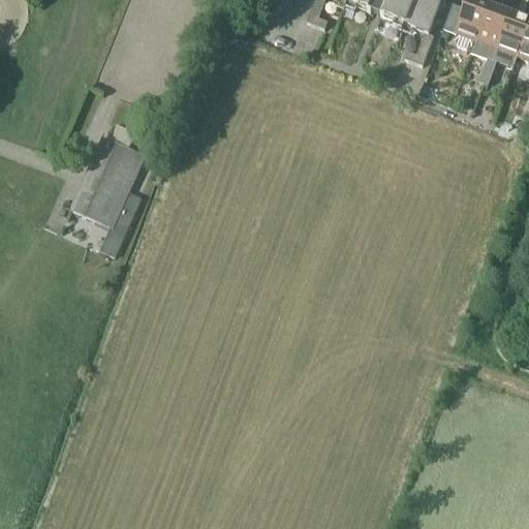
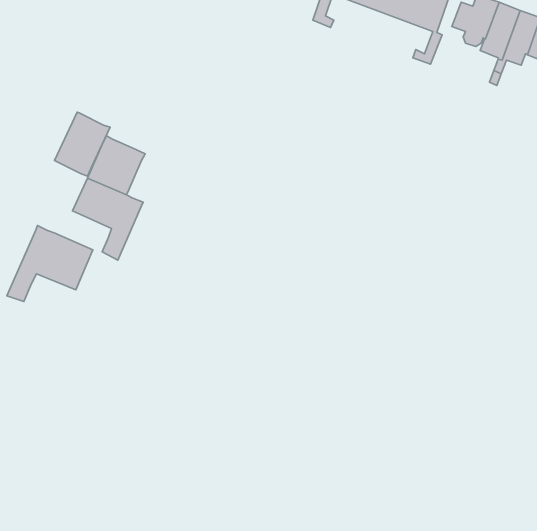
building: none -> [54,112,110,176]
building: none -> [7,225,93,301]

